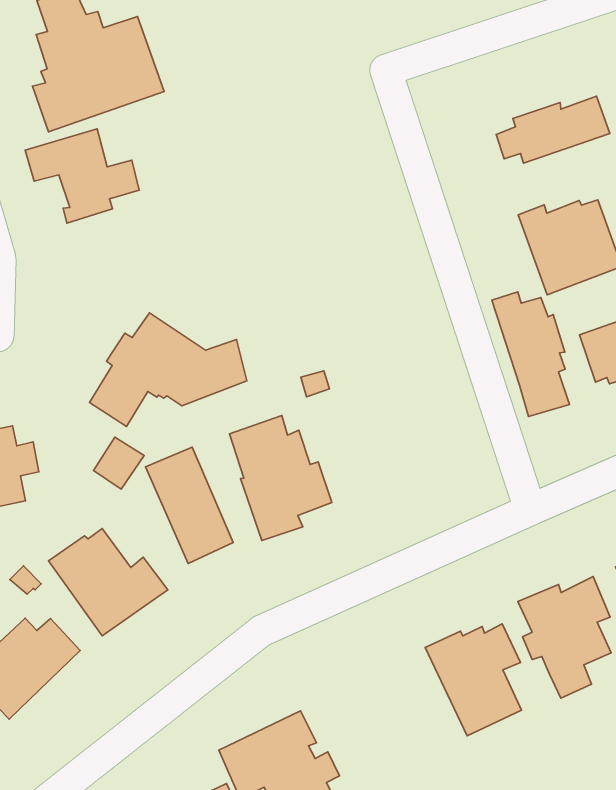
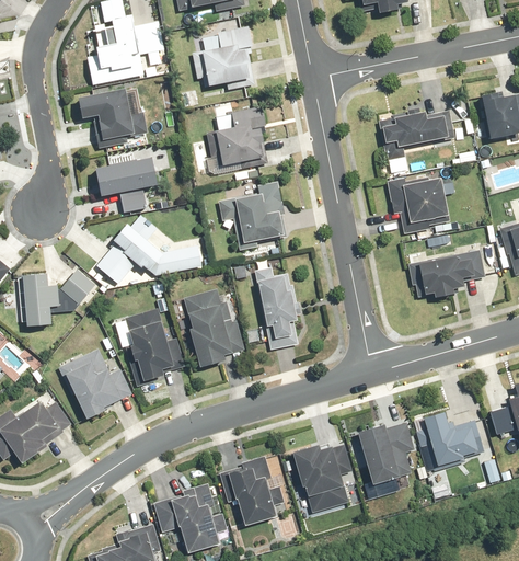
building: none -> [207,28,257,90]
building: none -> [212,106,266,168]
building: none -> [97,158,158,211]
building: none -> [233,183,286,244]
building: [492,292,570,416] -> [255,267,298,348]
building: [93,437,144,489] -> [60,270,94,304]
building: none -> [226,457,284,525]

